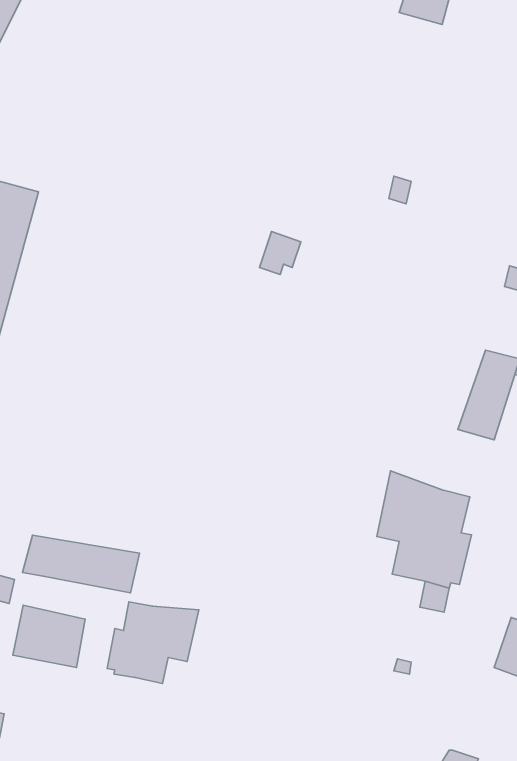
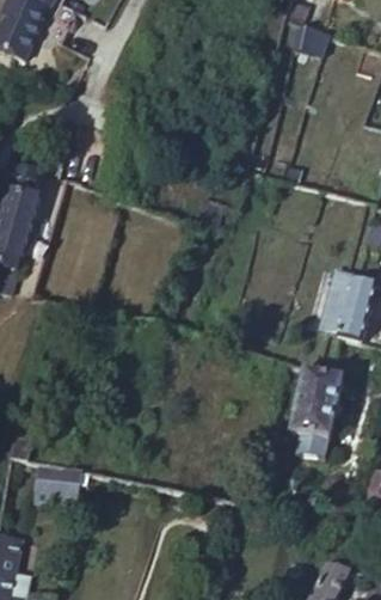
building: [22,535,139,593] -> none
building: [107,602,199,683] -> none

